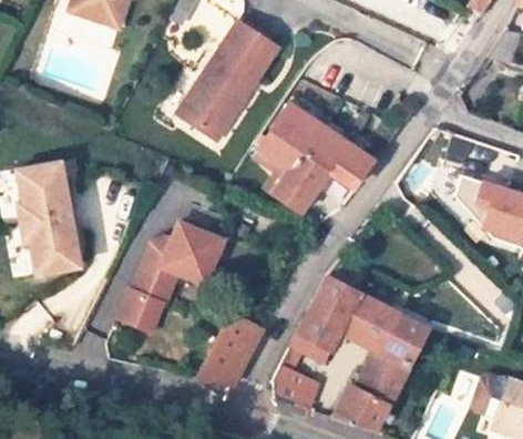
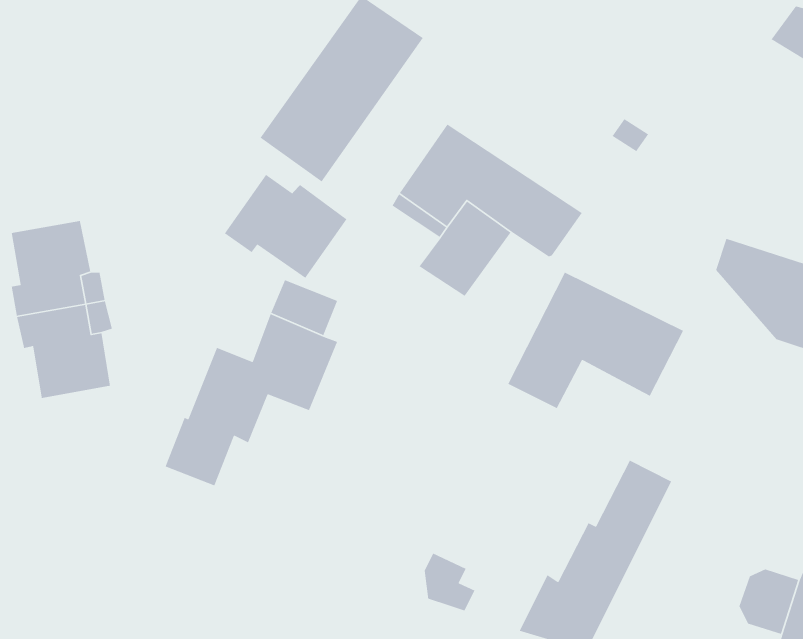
building: none -> [224,174,347,279]
building: [293,275,402,360] -> [507,272,684,409]
building: [198,312,266,385] -> none

